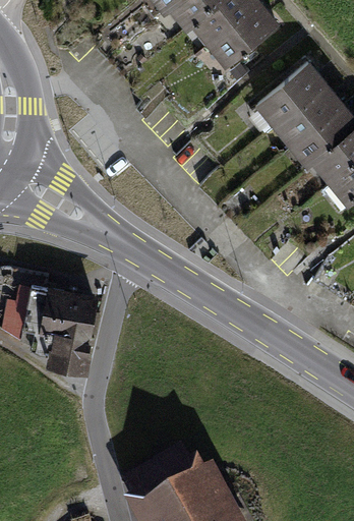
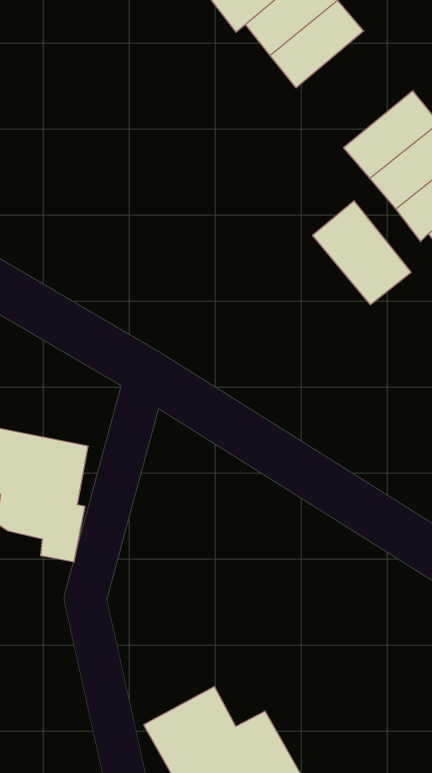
building: none -> [313,201,411,305]

